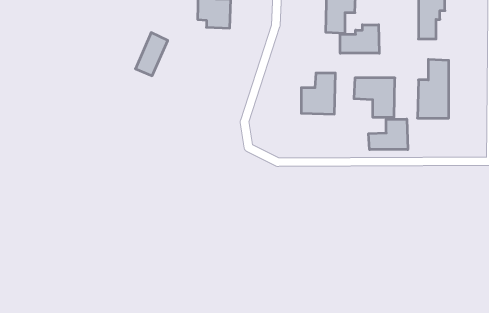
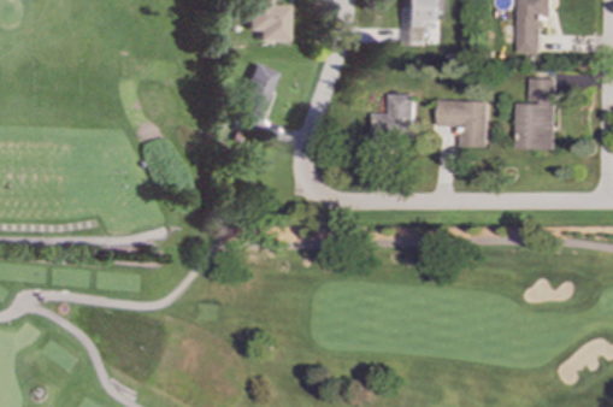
building: [340,25,379,53] -> none
building: [135,33,168,76] -> [236,61,276,114]
building: [369,119,408,150] -> none

